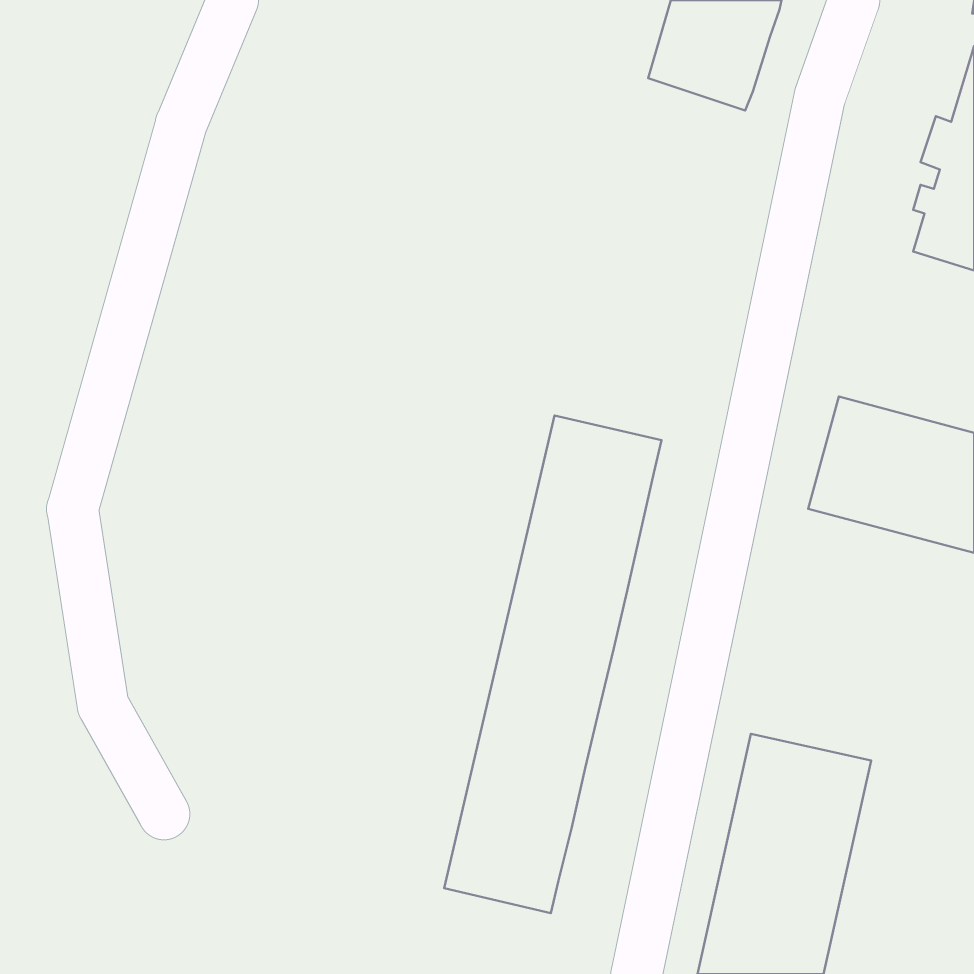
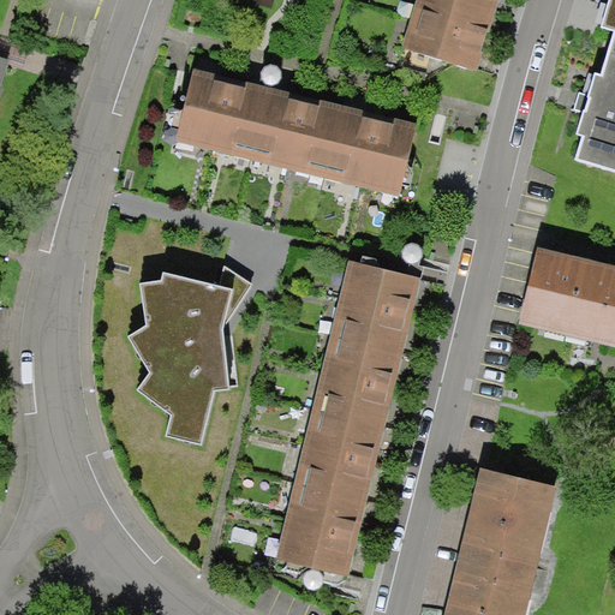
building: none -> [175,71,420,193]
building: none -> [137,275,233,446]

